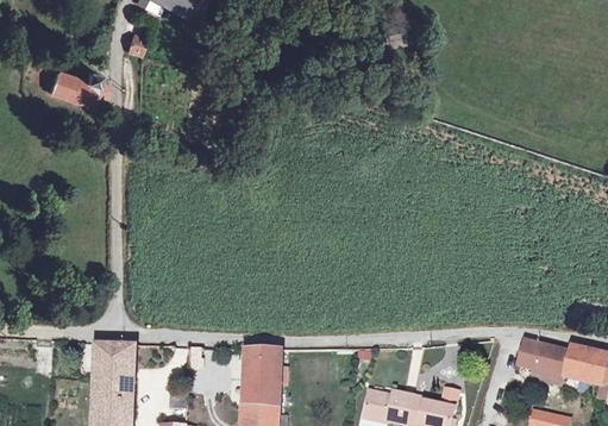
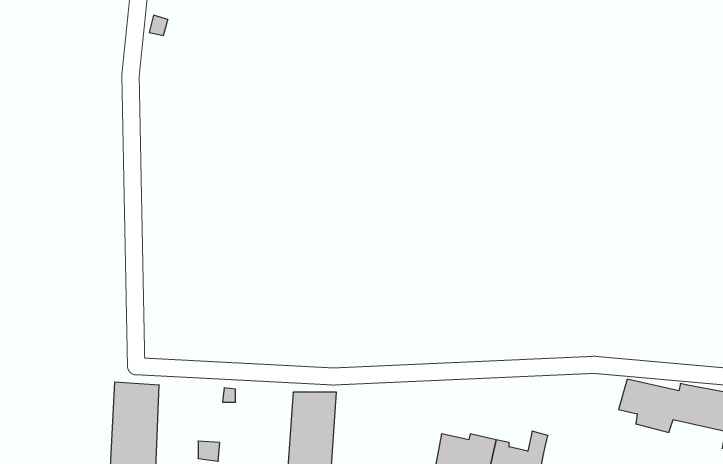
building: [46,73,102,106] -> none

